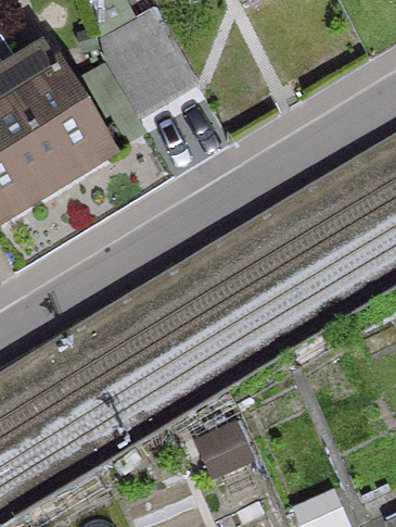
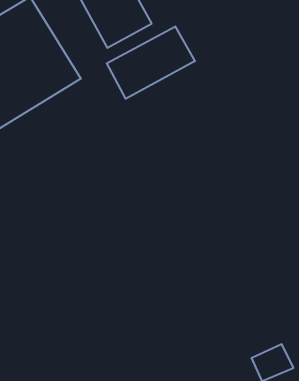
building: none -> [107,26,195,99]

